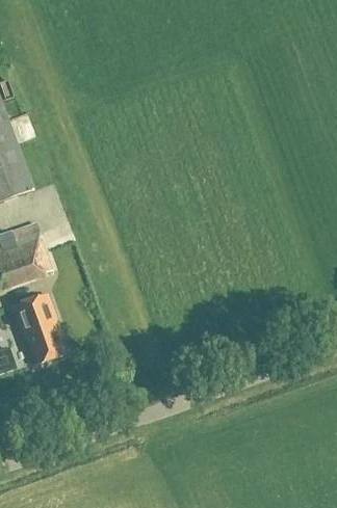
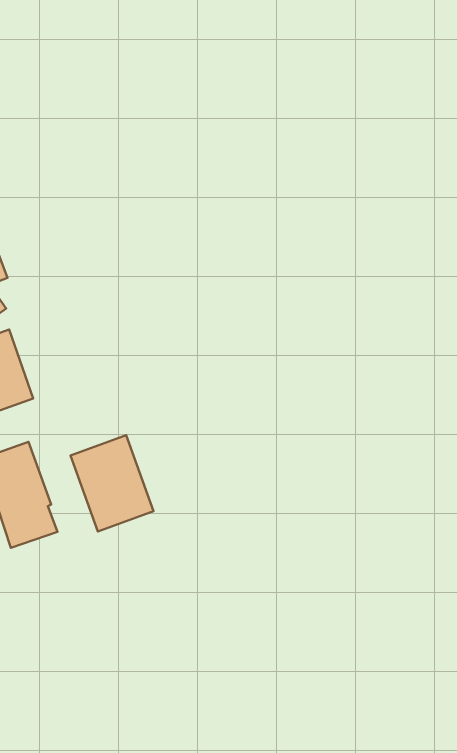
building: none -> [70,435,153,532]

